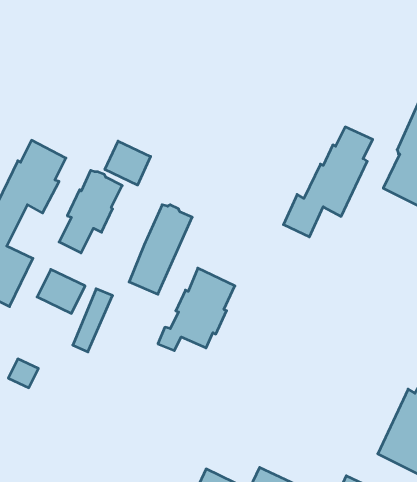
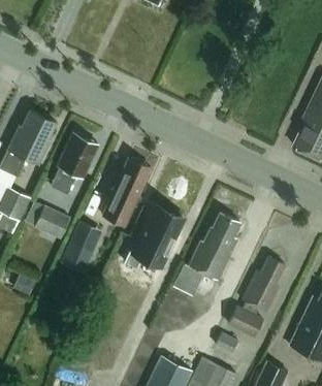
building: [283,127,373,237] -> [173,213,240,295]
building: [105,141,151,185] -> none
building: none -> [226,257,286,335]

